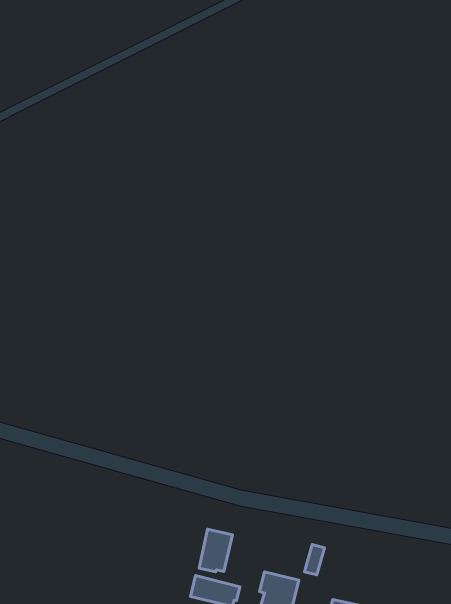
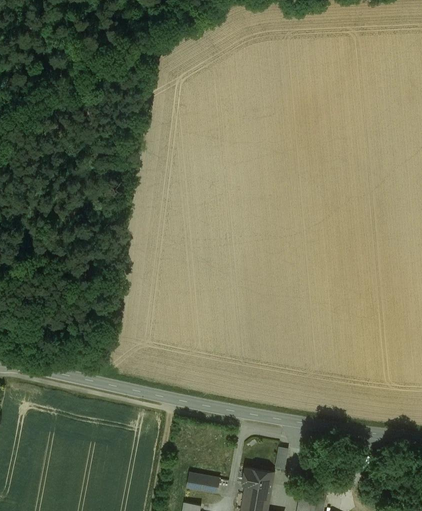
building: [199,529,233,572] -> none

